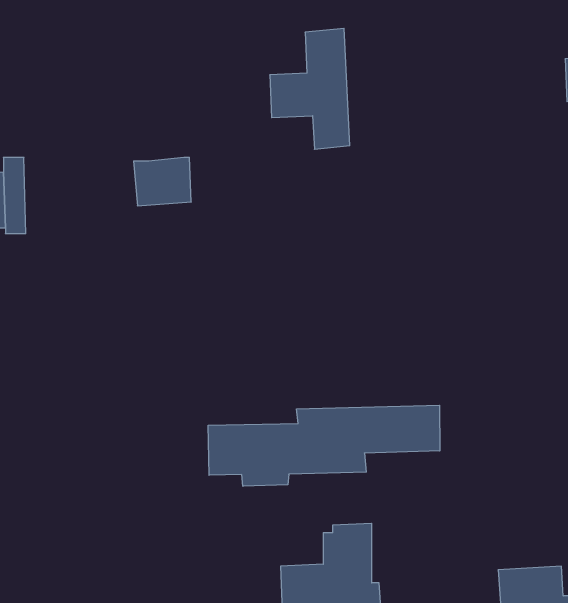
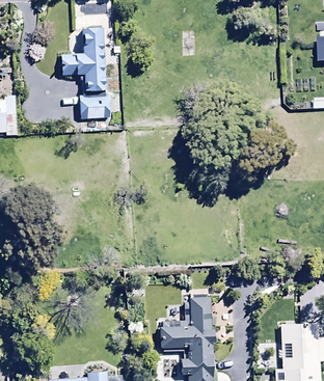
building: [270,28,350,149] -> [61,26,106,93]
building: [208,405,440,486] -> none

